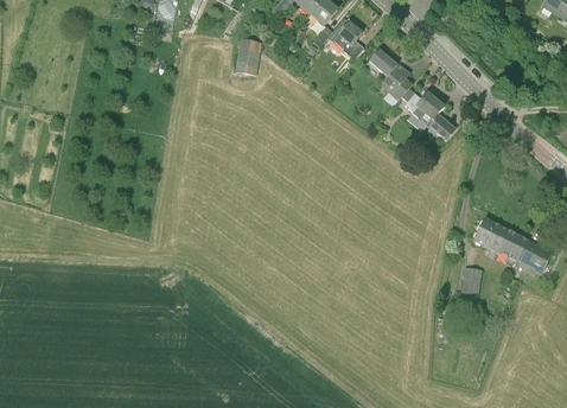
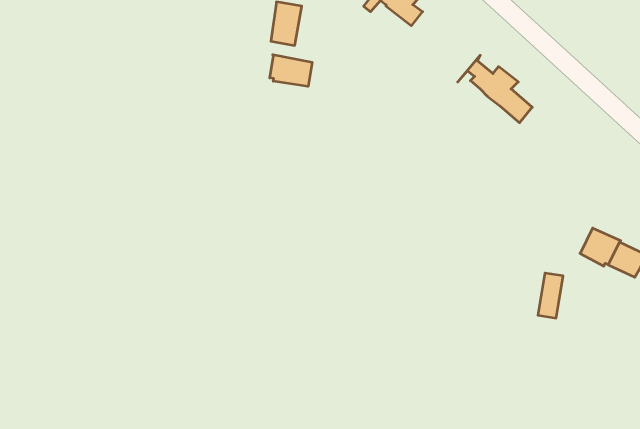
building: [368,49,412,106] -> none
building: none -> [270,55,312,86]
building: [472,217,507,250] -> none

